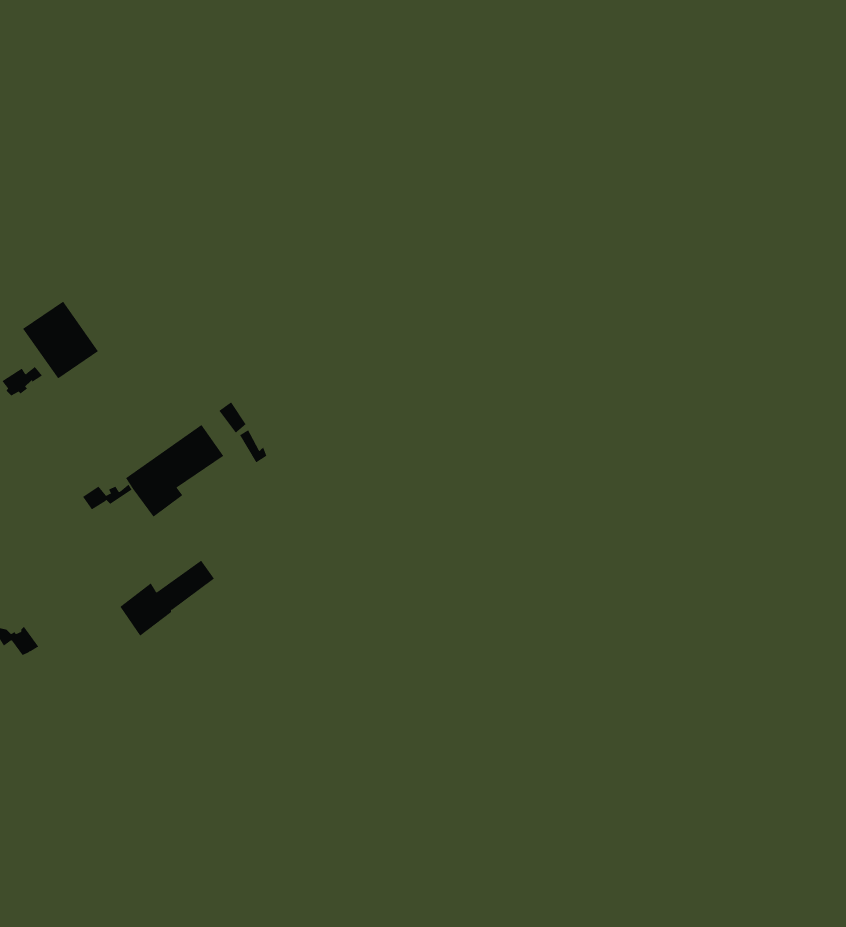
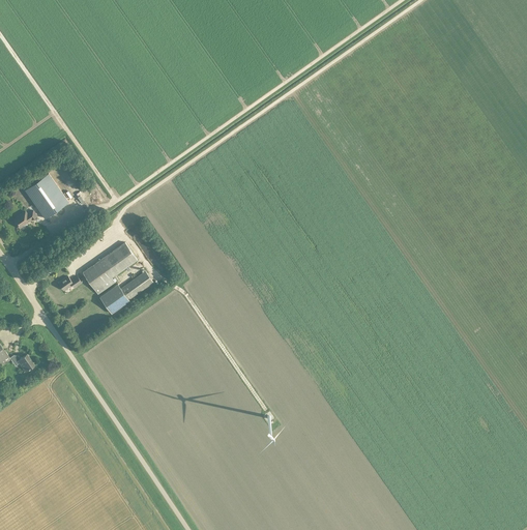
building: [119,560,215,637] -> [99,271,152,314]

